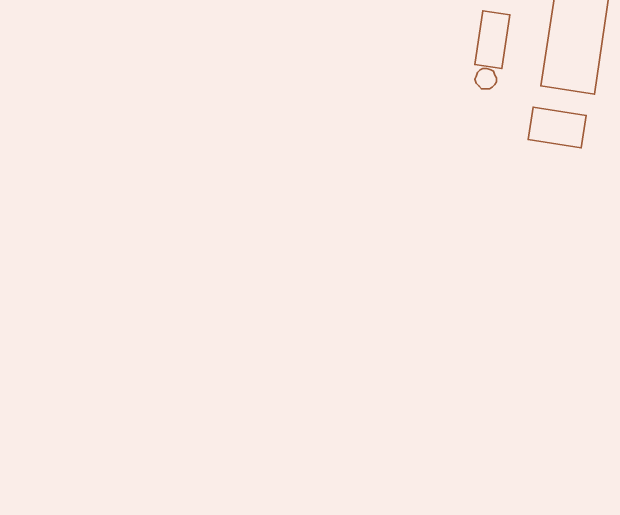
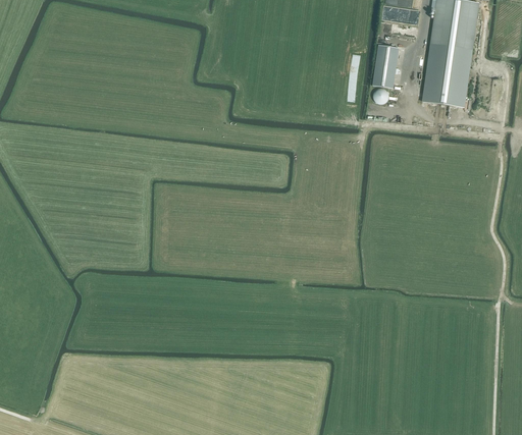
building: [528,107,586,148] -> none

